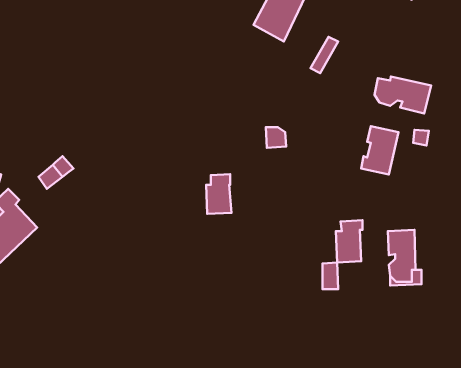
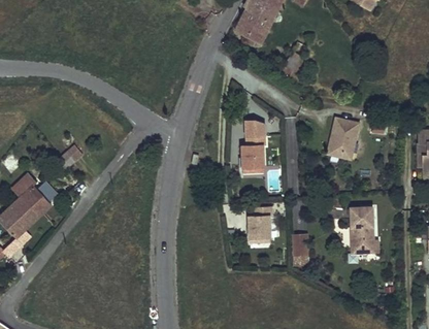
building: [375,77,431,113] -> none
building: [206,174,231,214] -> [242,135,264,169]
building: [336,220,362,262] -> [249,206,271,242]

